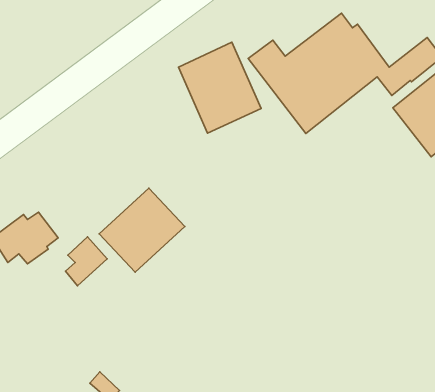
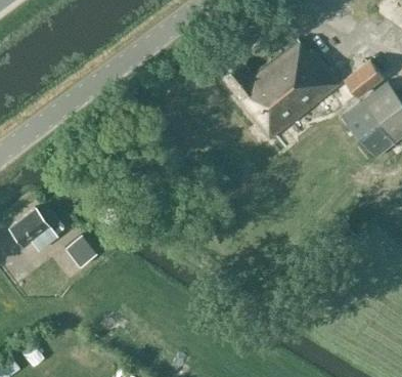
building: [178,42,261,133] -> none
building: [99,188,185,272] -> none

